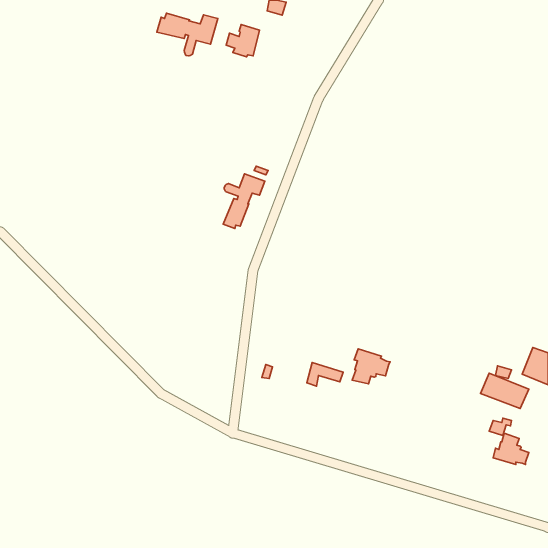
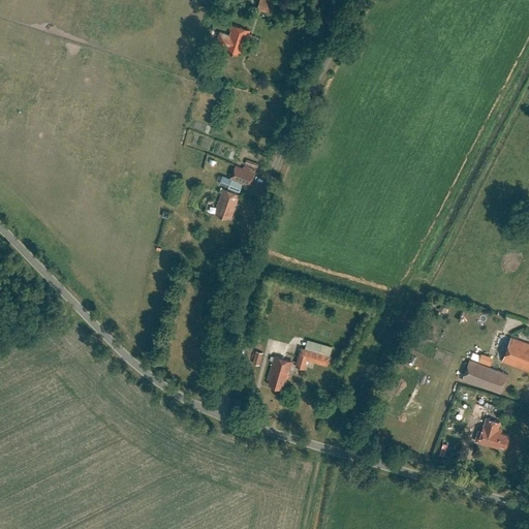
building: [157,13,218,56] -> none
building: [352,349,390,384] -> none
building: none -> [269,357,292,392]

